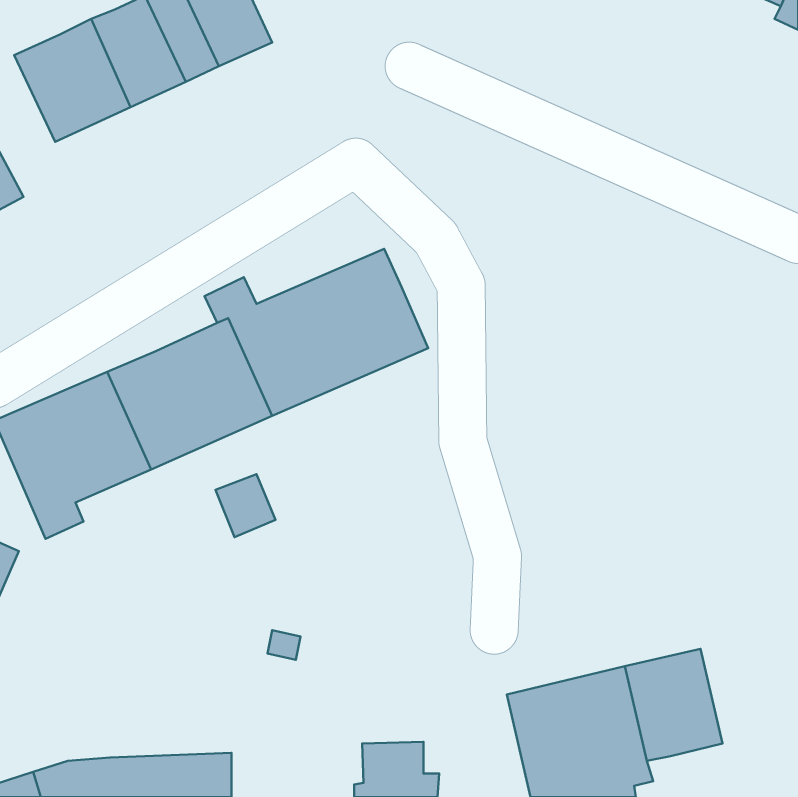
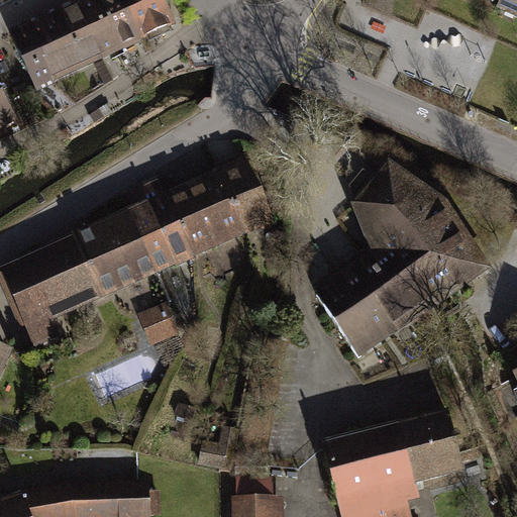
building: none -> [311,157,491,356]

